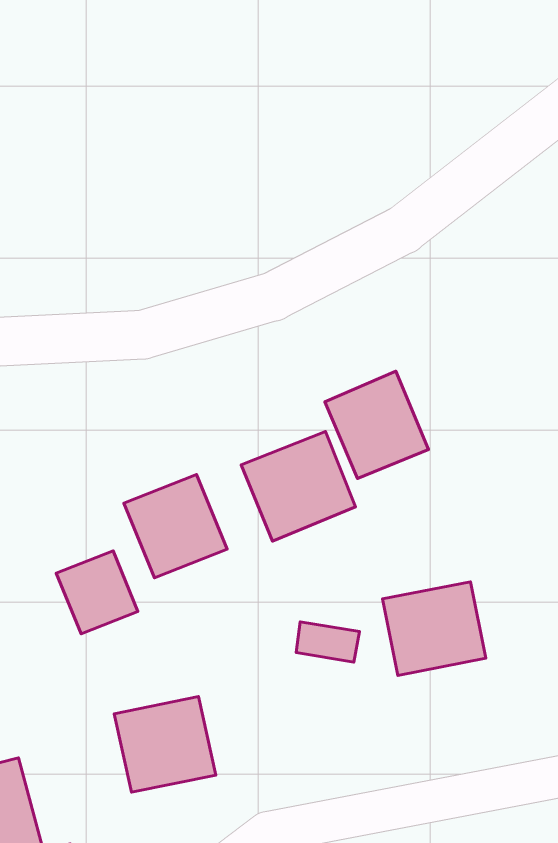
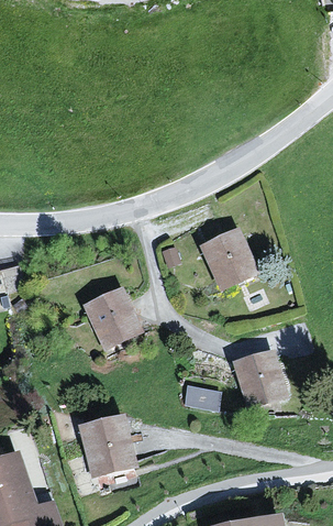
building: [241,431,355,541] -> none
building: [56,551,138,634] -> none

